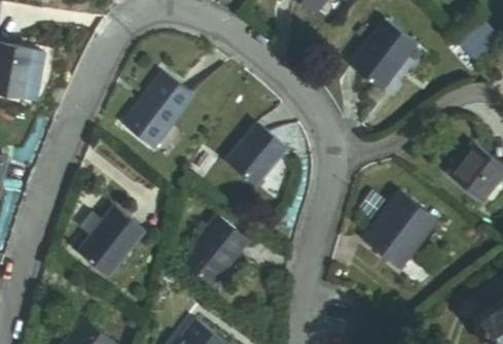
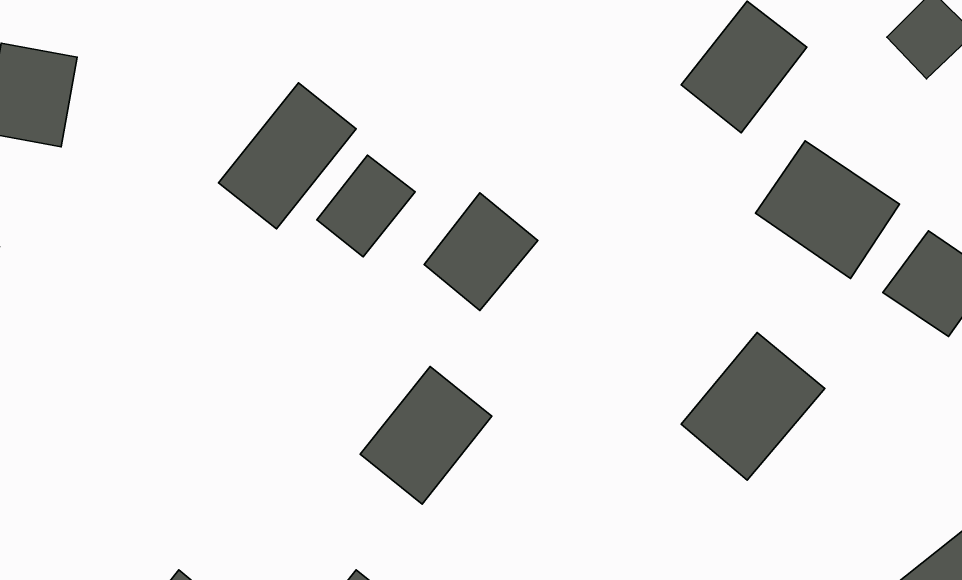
building: none -> [755,141,900,279]
building: none -> [317,155,415,257]
building: [91,205,156,273] -> none

